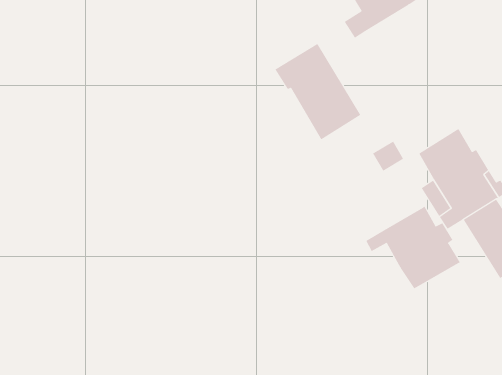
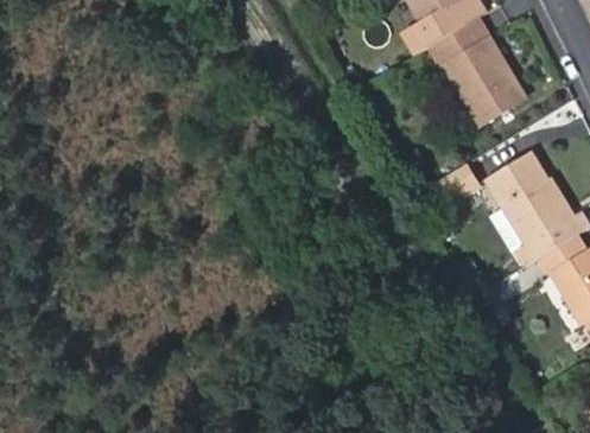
building: [275,43,361,140] -> [429,14,526,123]
building: [366,206,461,289] -> none

